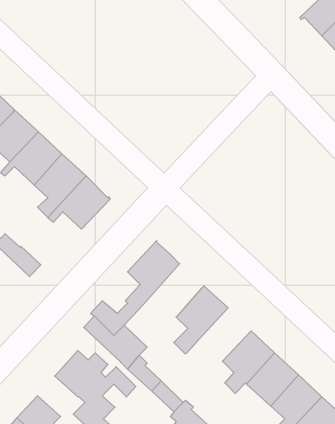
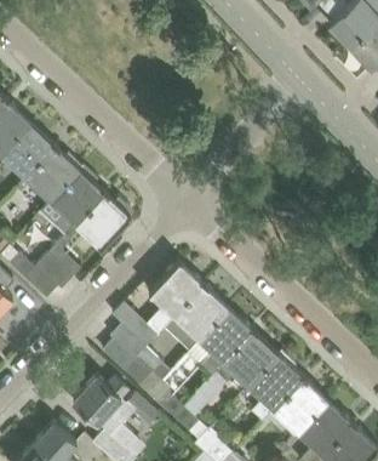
building: none -> [38,245,81,289]
building: none -> [165,284,229,349]
building: none -> [217,330,279,386]

